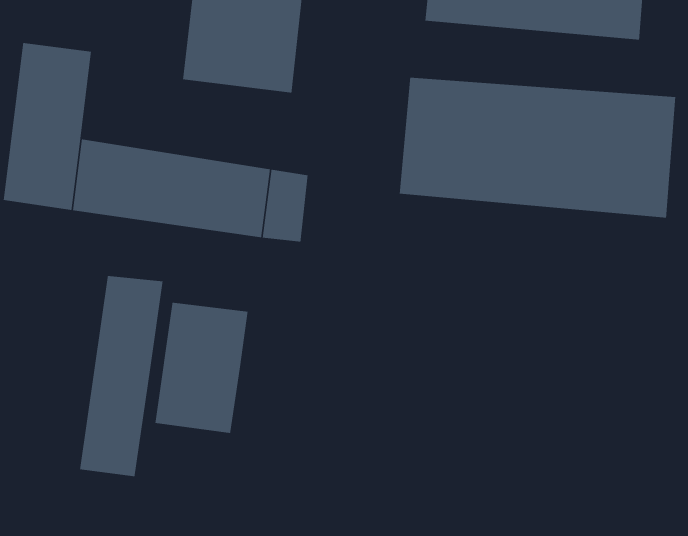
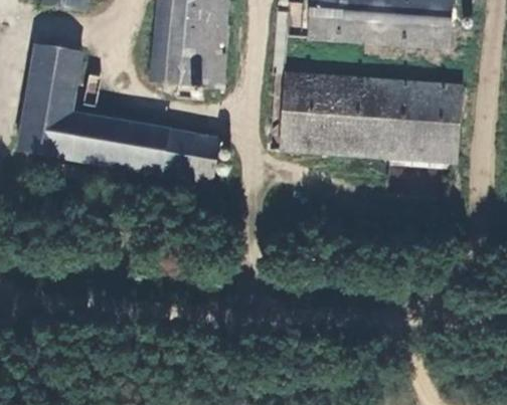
building: [79,275,163,477] -> none
building: [155,302,249,434] -> none

